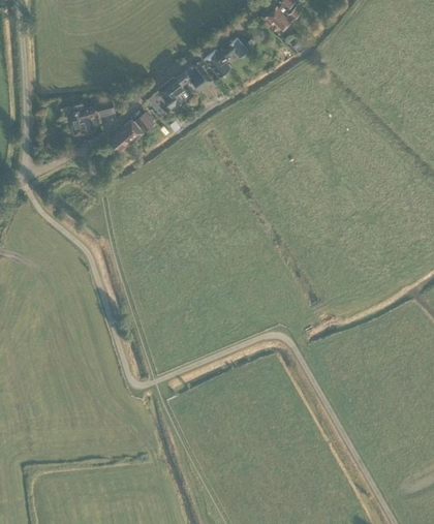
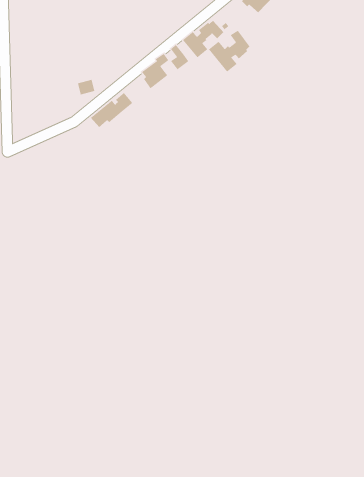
building: none -> [208,30,250,72]
building: [68,103,95,136] -> none

